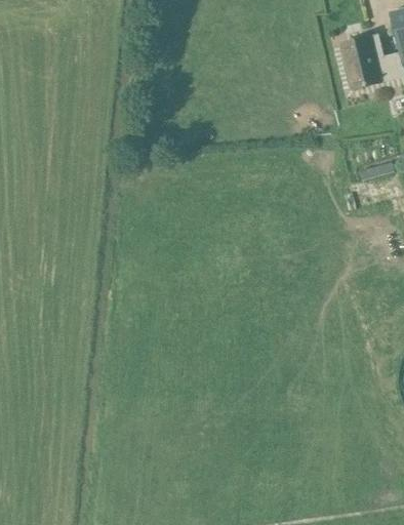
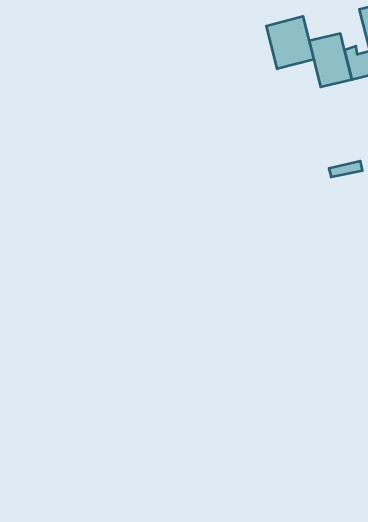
building: none -> [266,16,314,69]

